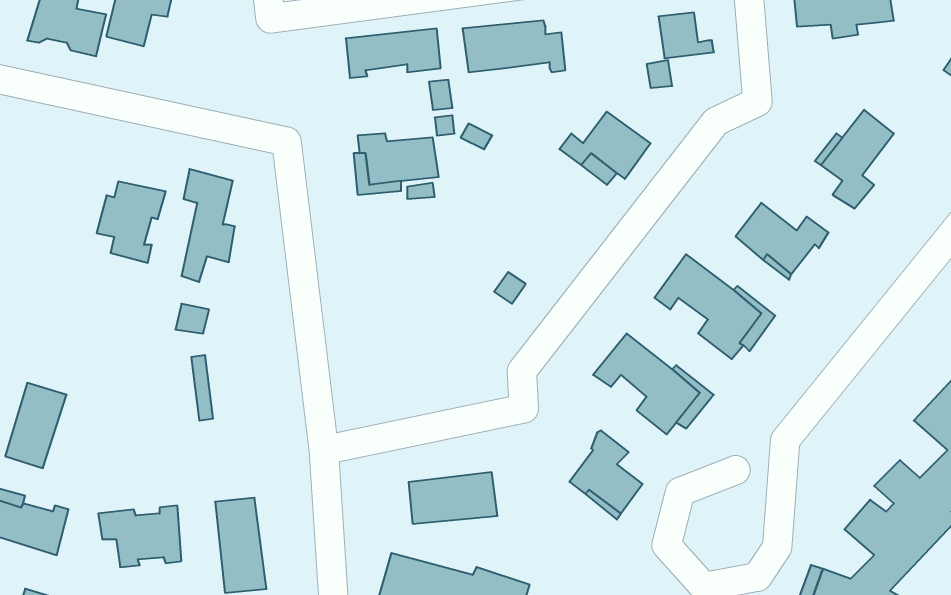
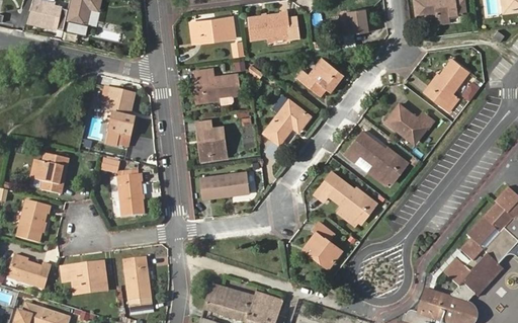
building: [97,182,166,263] -> [33,153,69,194]
building: none -> [265,100,310,144]
building: none -> [197,118,226,155]
building: none -> [124,175,148,218]
building: [409,472,498,524] -> [203,171,249,197]

